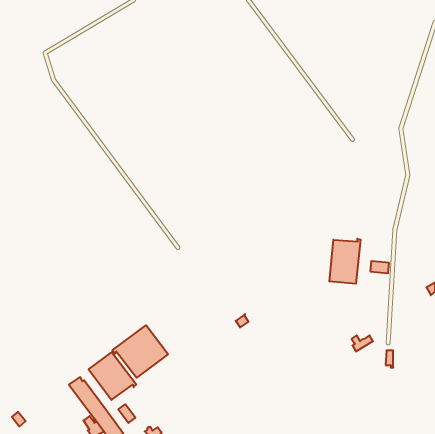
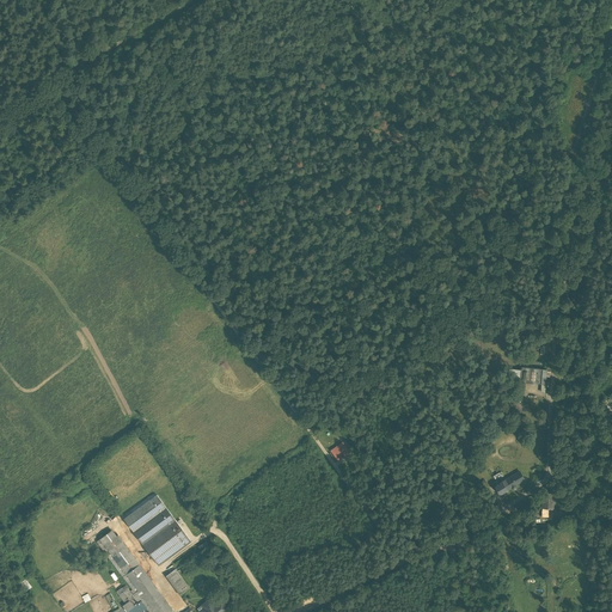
building: [329,239,361,284] -> none
building: [112,325,168,378] -> none

